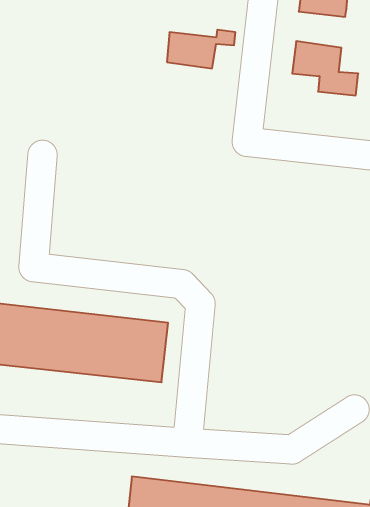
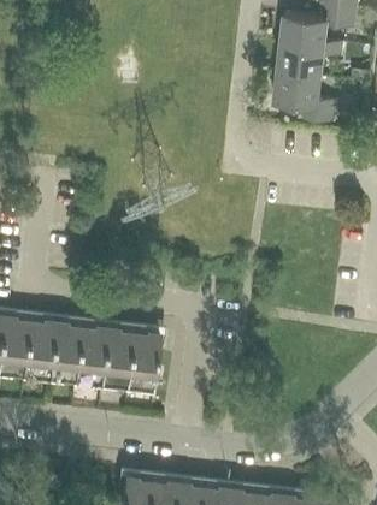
building: [167,30,235,68] -> [278,38,342,75]

